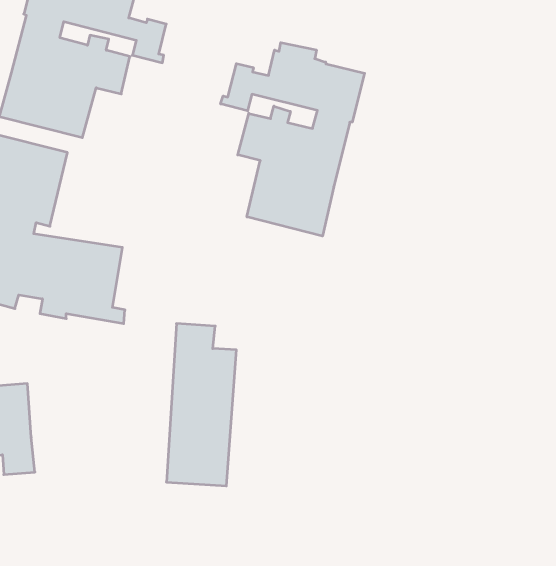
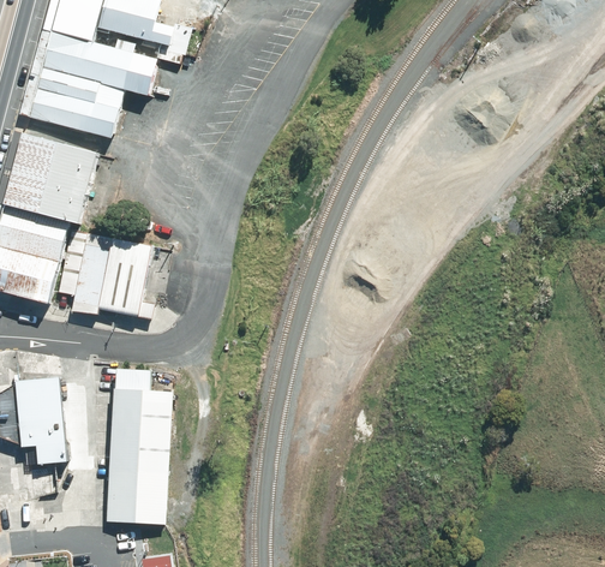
building: [221,43,365,236] -> none
building: [166,324,236,486] -> [106,368,173,524]

